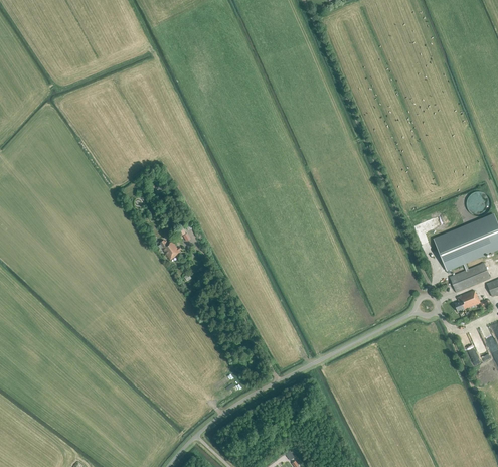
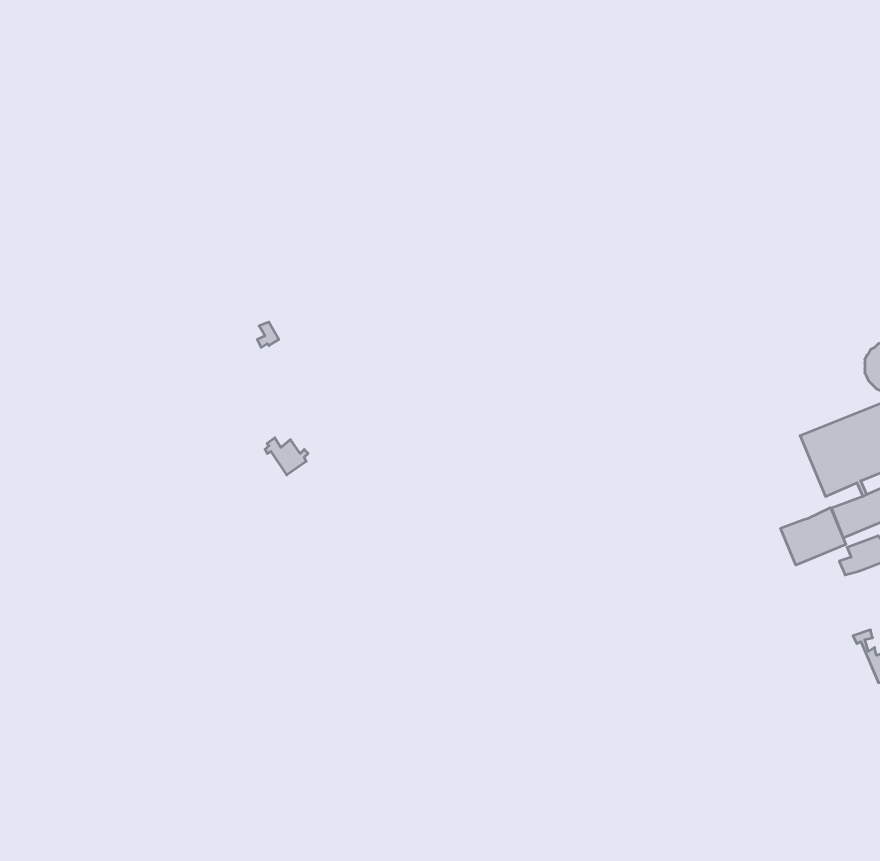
building: none -> [781,508,846,565]

